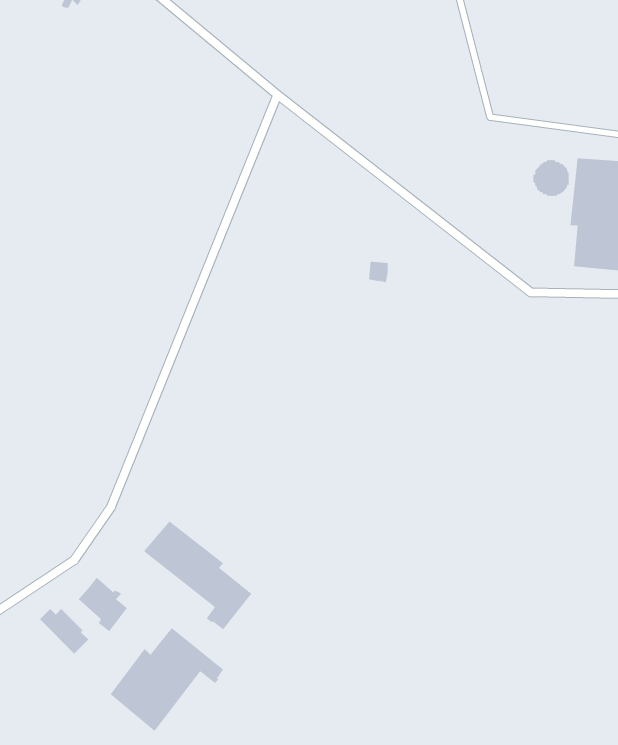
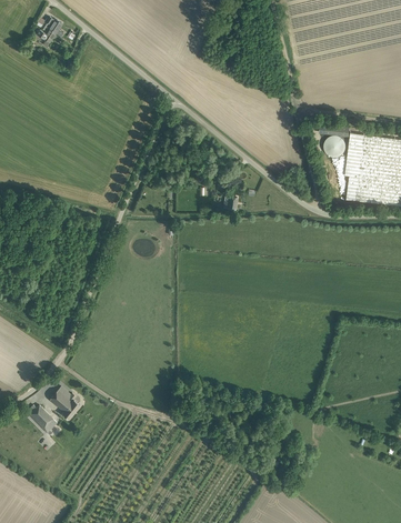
building: [143,520,252,630] -> none
building: [110,627,224,732] -> none

